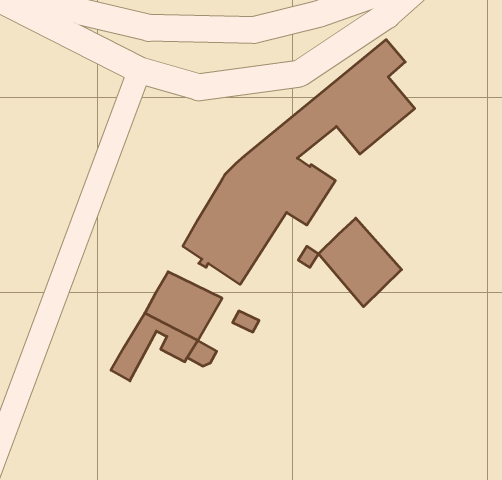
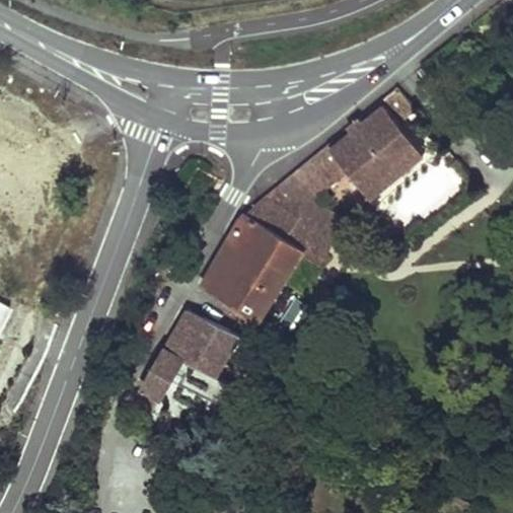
building: [318,218,402,307] -> none

